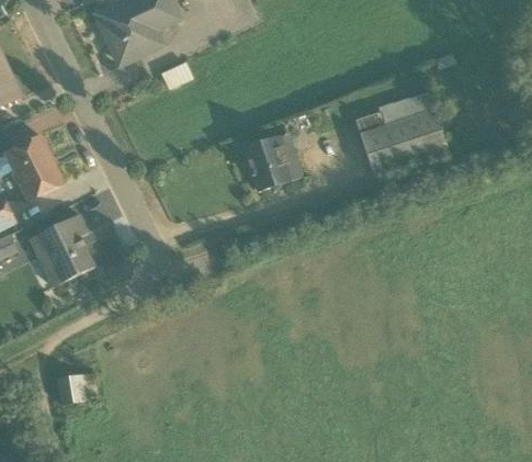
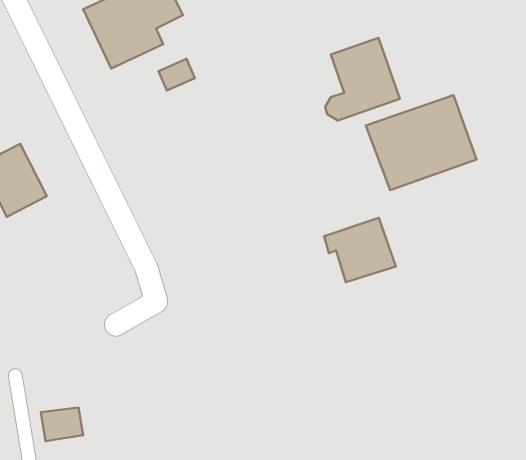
building: none -> [325,38,400,121]
building: [238,132,303,190] -> [324,218,396,282]
building: [29,212,94,285] -> none

